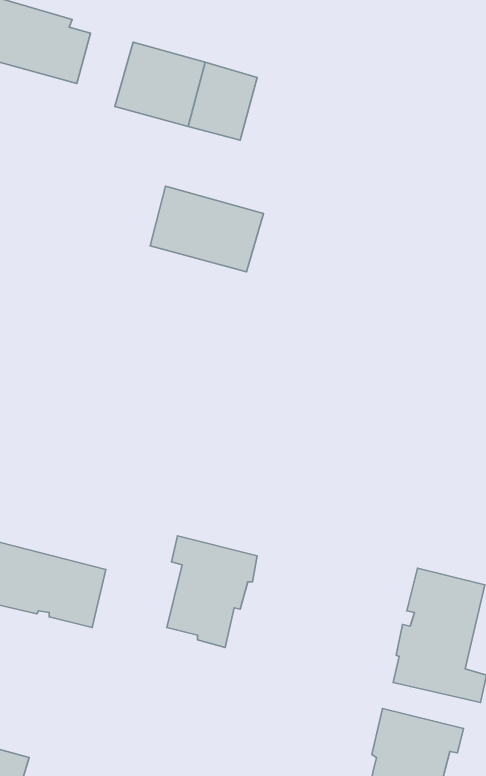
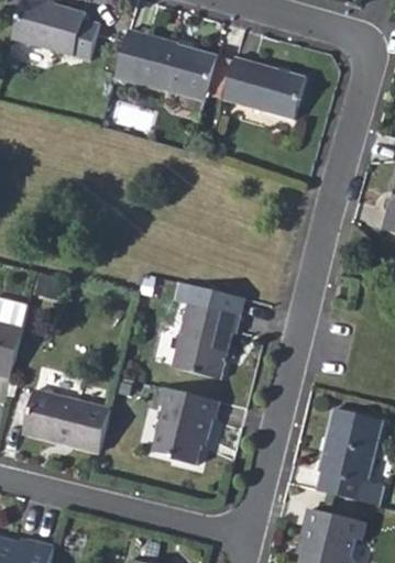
building: [150,186,263,272] -> [223,57,305,119]
building: none -> [173,283,245,380]

